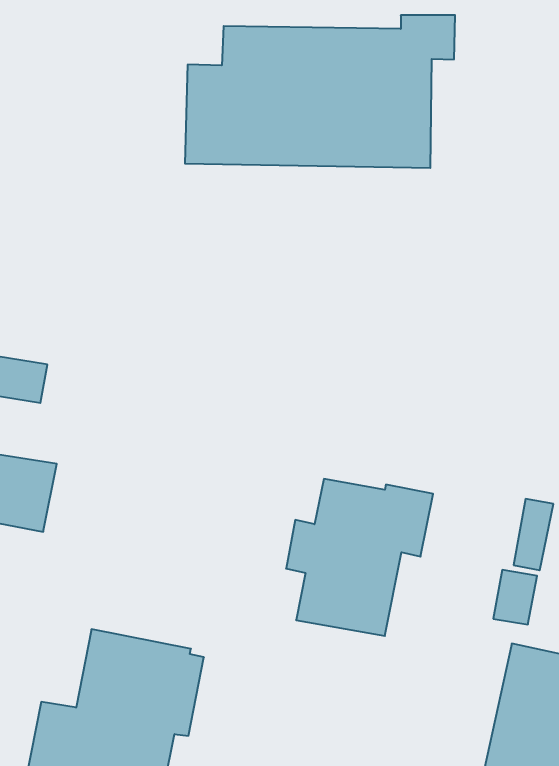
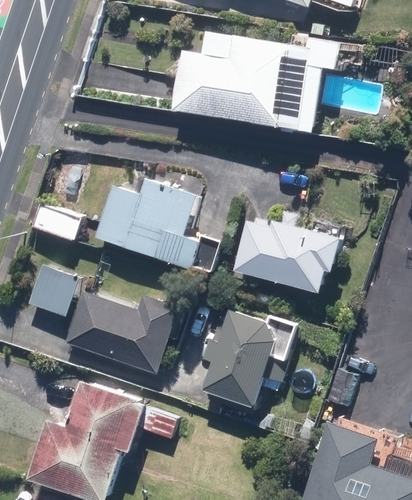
building: none -> [91,180,198,269]
building: none -> [235,213,343,289]
building: none -> [59,292,175,375]

